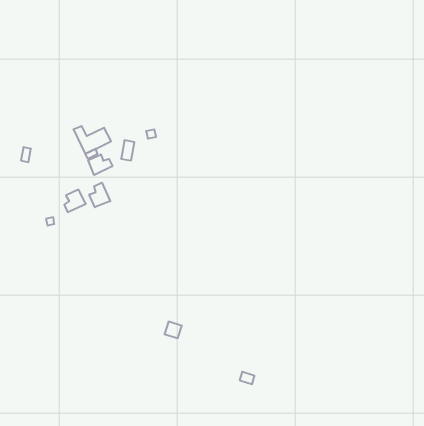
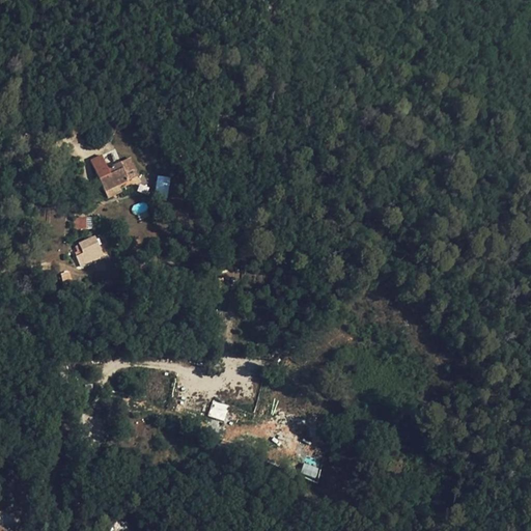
building: [88,154,112,175] -> none
building: [89,183,110,207] -> none

